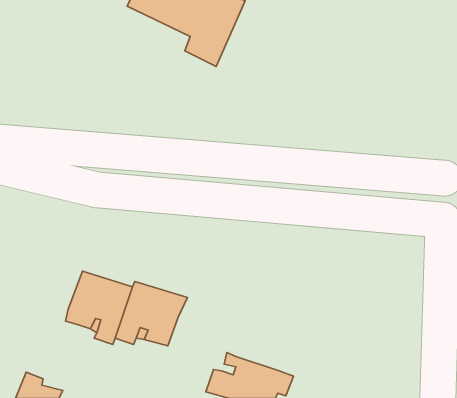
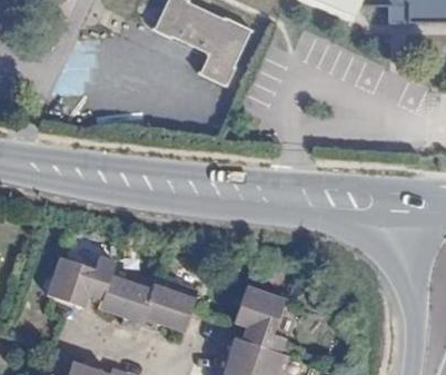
building: none -> [46,254,112,304]
building: none -> [232,279,283,348]

